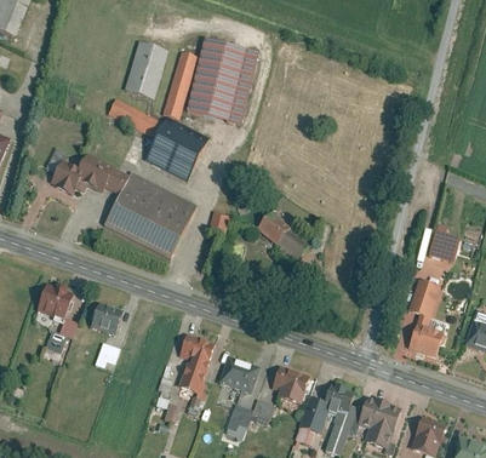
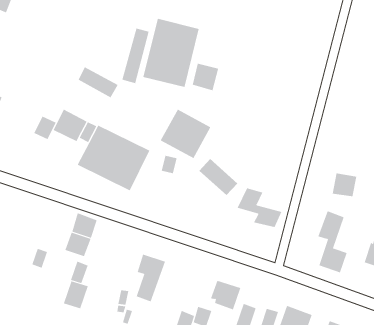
building: [125,41,170,98] -> none
building: none -> [192,63,219,91]
building: [143,120,207,183] -> [160,109,211,159]
building: none -> [237,188,282,228]
building: [40,286,73,319] -> [71,212,97,239]
building: [223,355,261,394] -> none
building: none -> [63,281,88,309]

